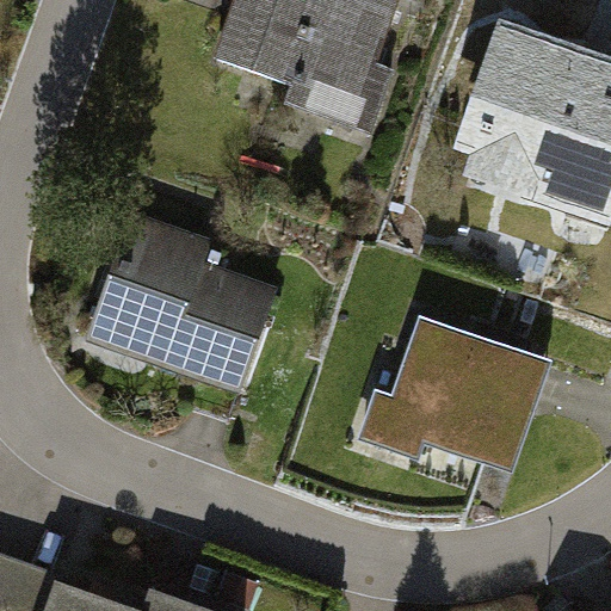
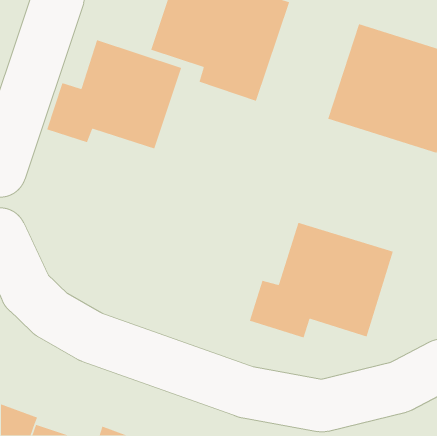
building: none -> [46,39,182,150]
building: [93,218,272,389] -> none

